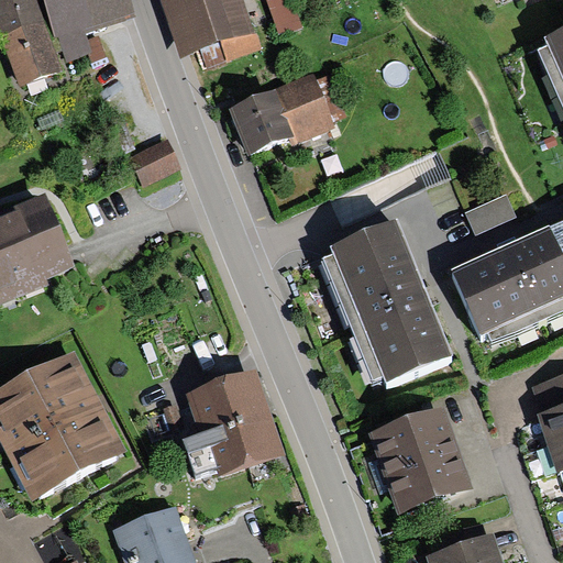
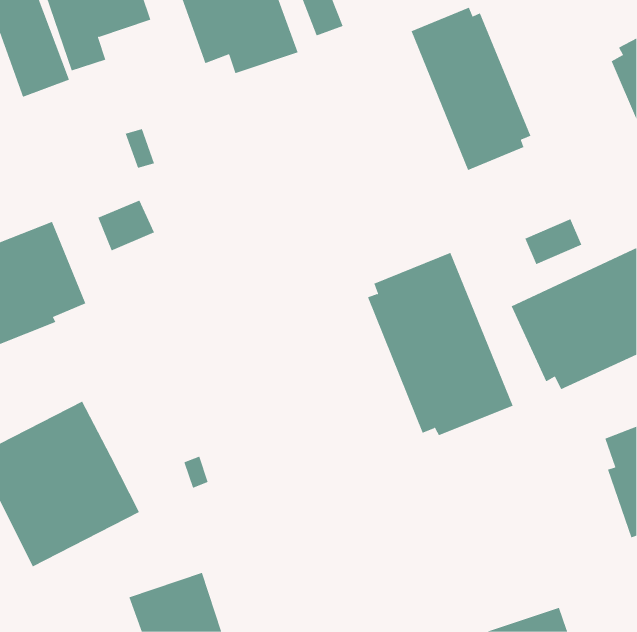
building: none -> [411,7,531,171]
building: [229,69,344,154] -> none
building: [130,137,180,183] -> [98,200,155,251]
building: [181,365,286,475] -> none
building: [367,407,473,515] -> none

